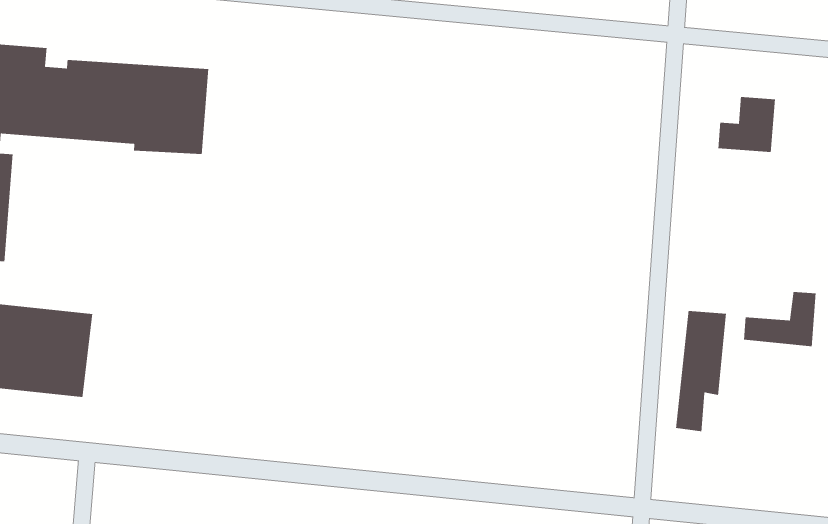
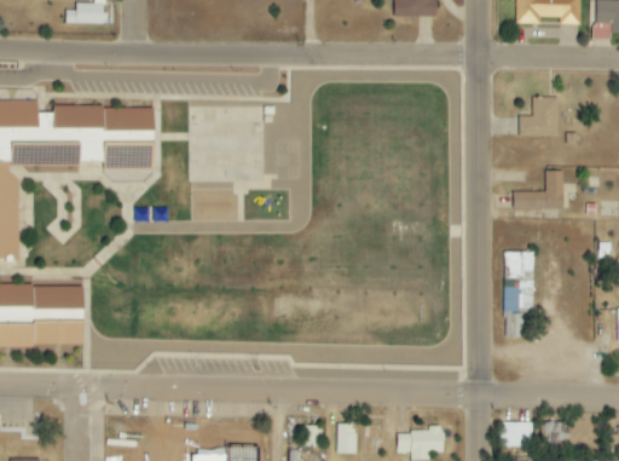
building: [743,291,817,347] -> [514,171,563,209]

